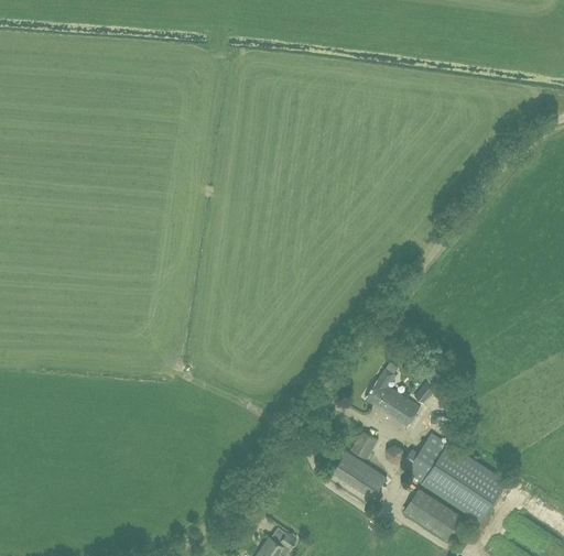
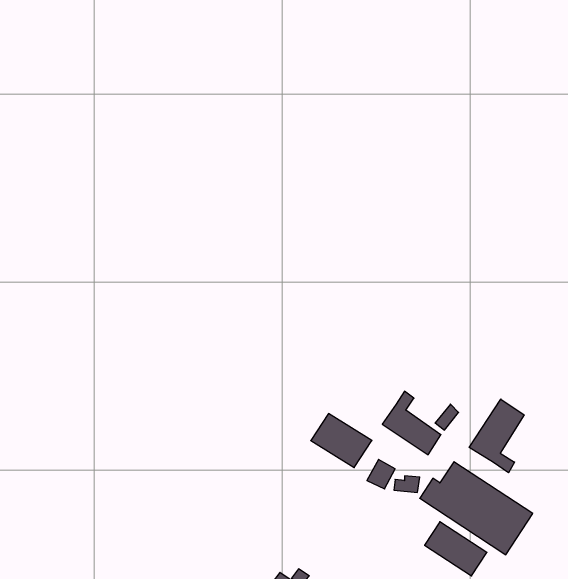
building: none -> [469,399,524,473]
building: [329,451,387,502] -> [311,414,372,468]

